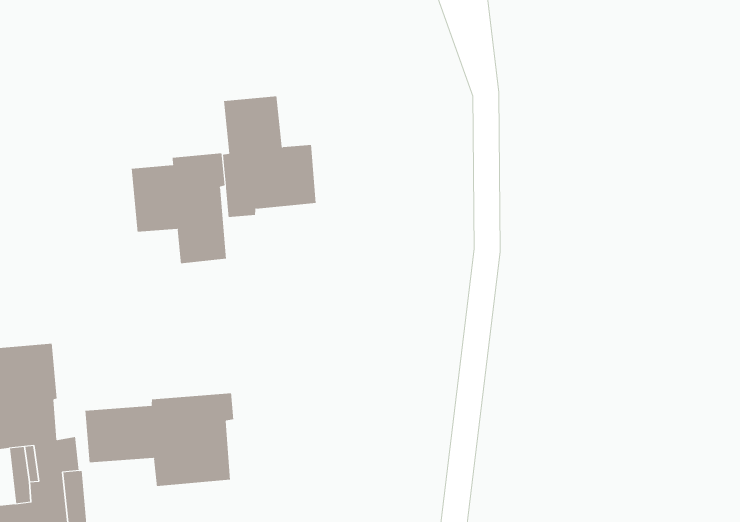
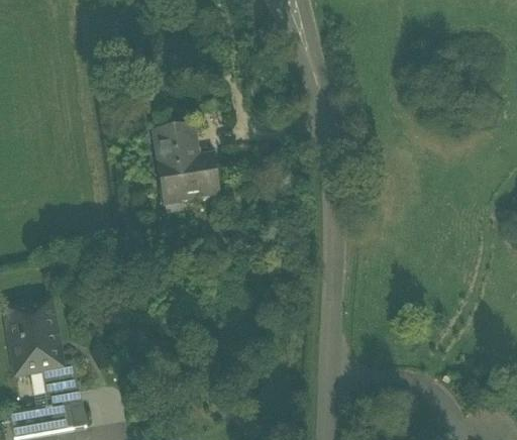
building: [131,153,227,264] -> none
building: [85,393,234,487] -> none

